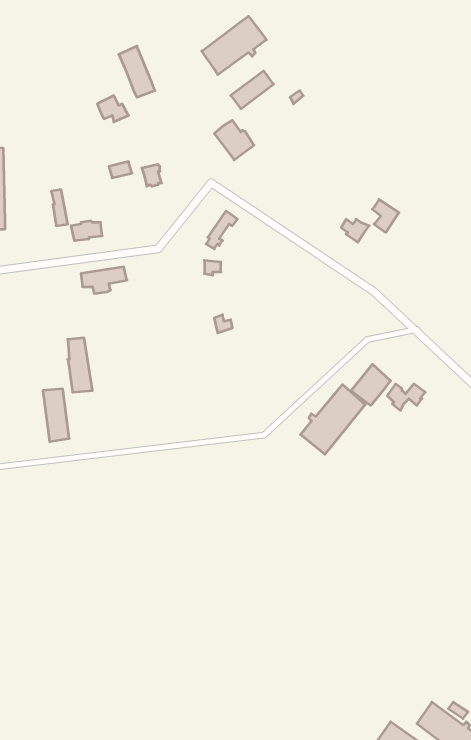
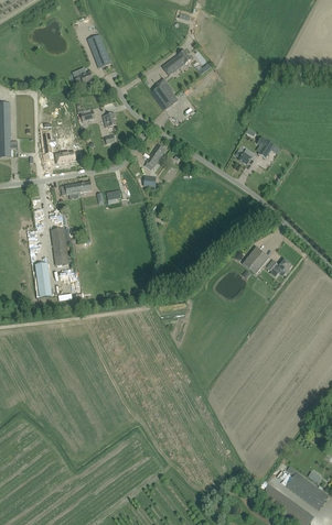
building: [202,16,266,75] -> none
building: [300,385,365,454] -> none

